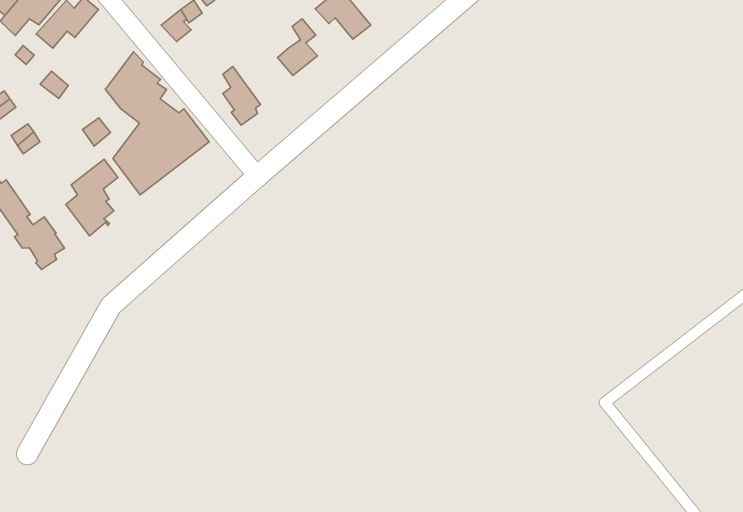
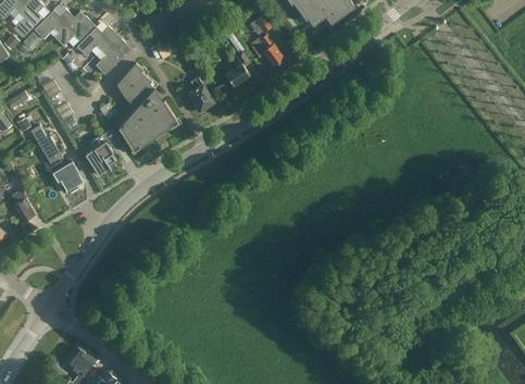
building: none -> [95,35,125,75]

